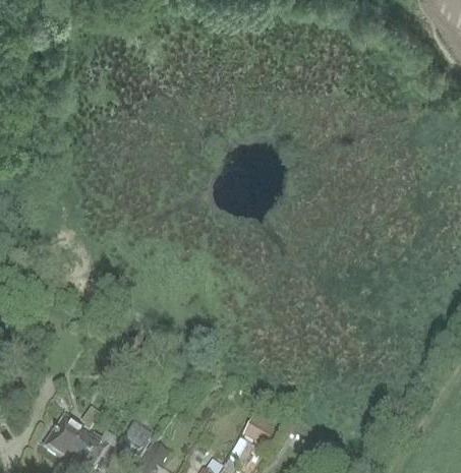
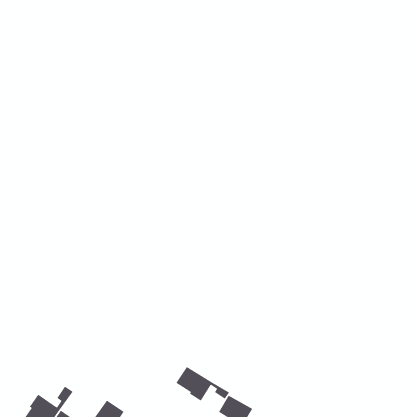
building: none -> [176,366,230,401]

